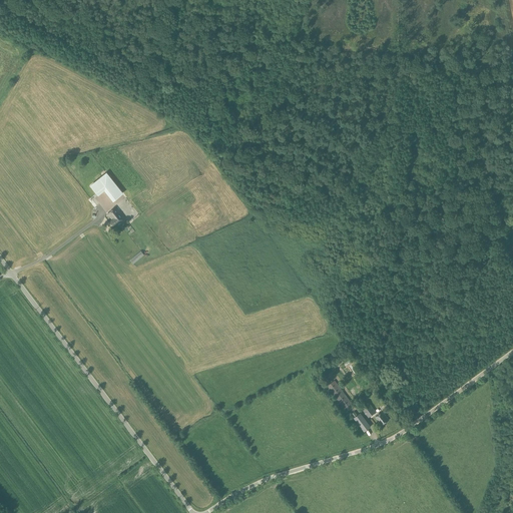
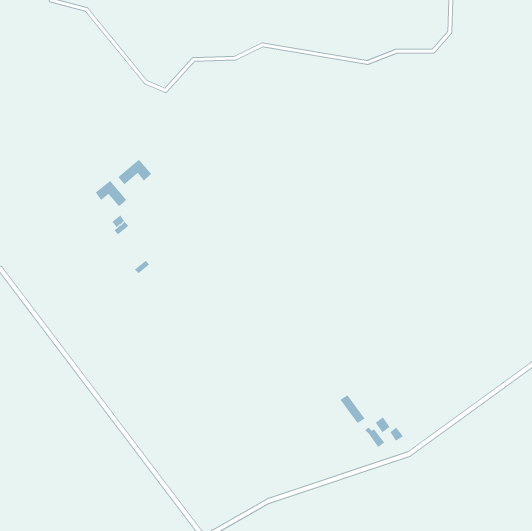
building: none -> [118,159,152,185]

